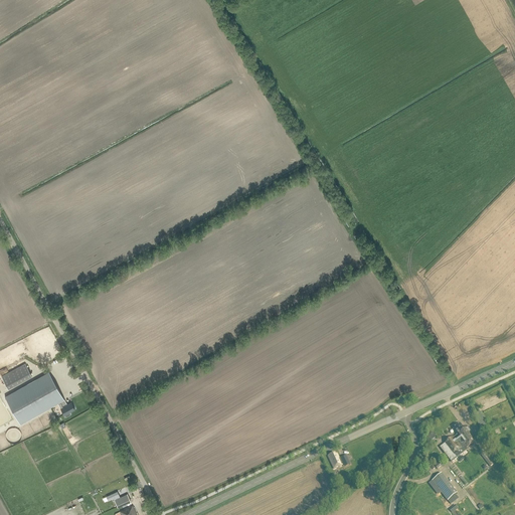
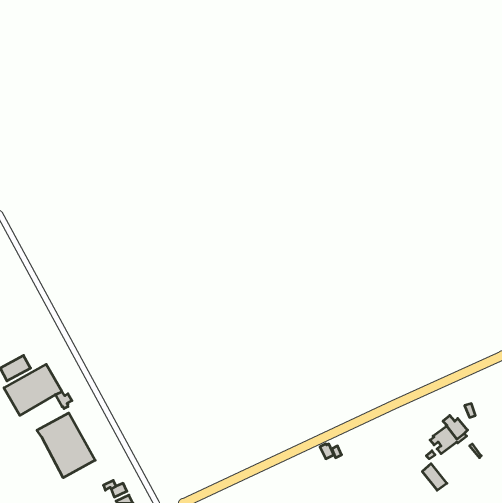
building: none -> [37,413,95,478]

